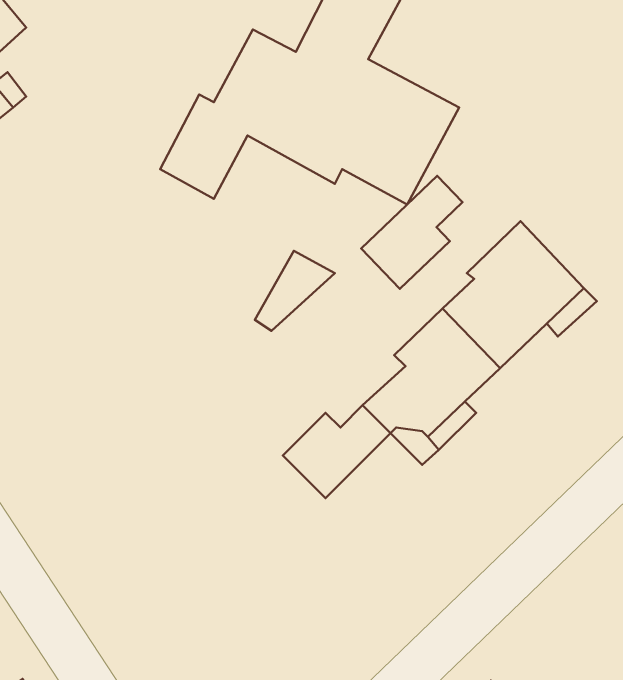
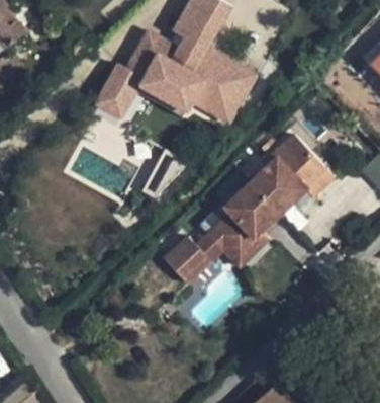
building: [361,176,462,289] -> none

